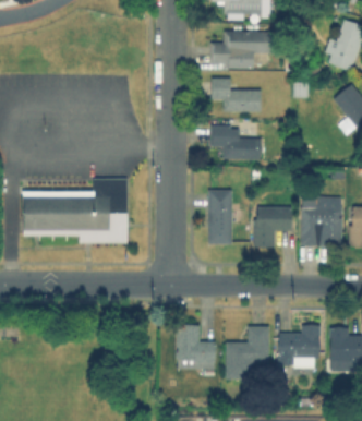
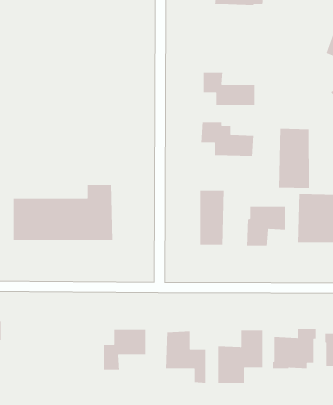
building: [210,33,274,65] -> none
building: none -> [278,128,310,189]
building: none -> [103,329,146,370]

